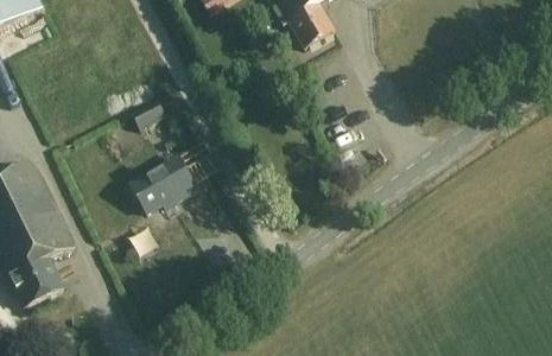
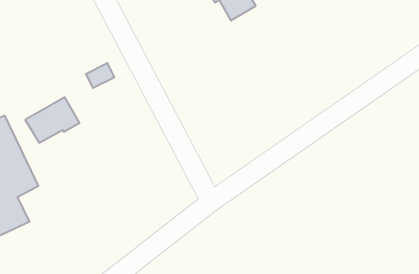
building: [131,153,196,208] -> [25,97,80,143]

